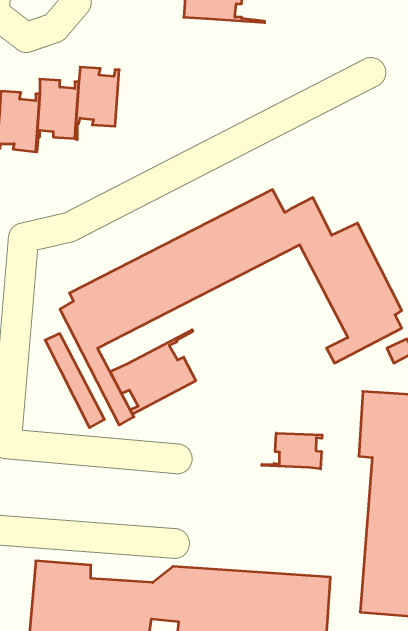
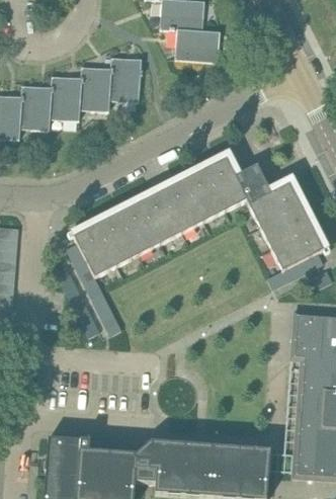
building: none -> [174,29,220,61]
building: none -> [107,57,141,110]
building: [110,330,196,414] -> none
building: [262,433,322,469] -> none

